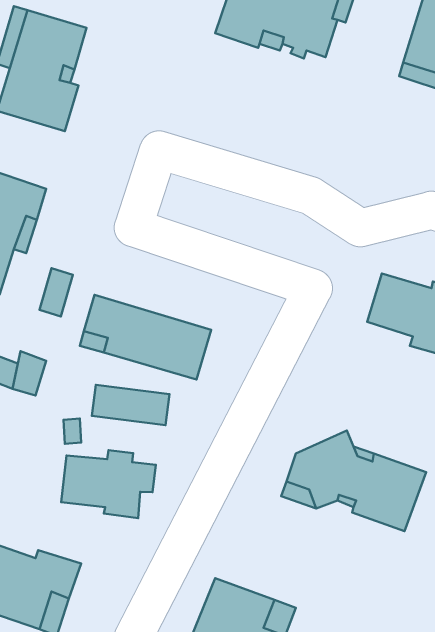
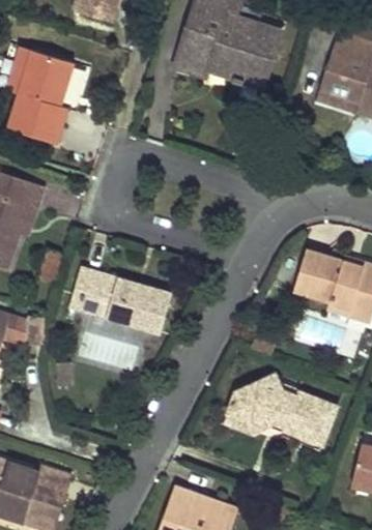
building: [61,450,156,518] -> none

